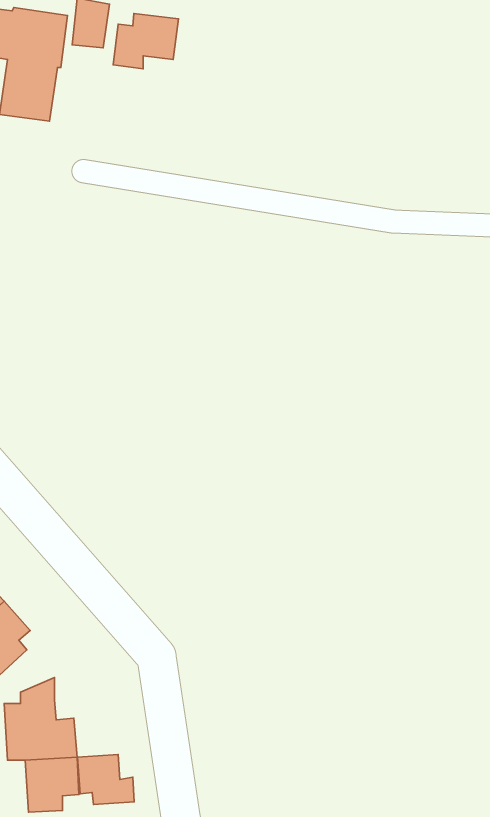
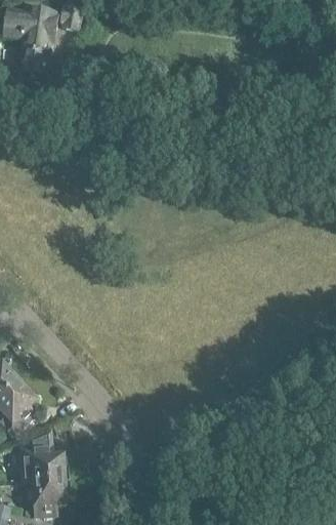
building: [113,14,178,69] -> none
building: [77,755,134,805] -> none

